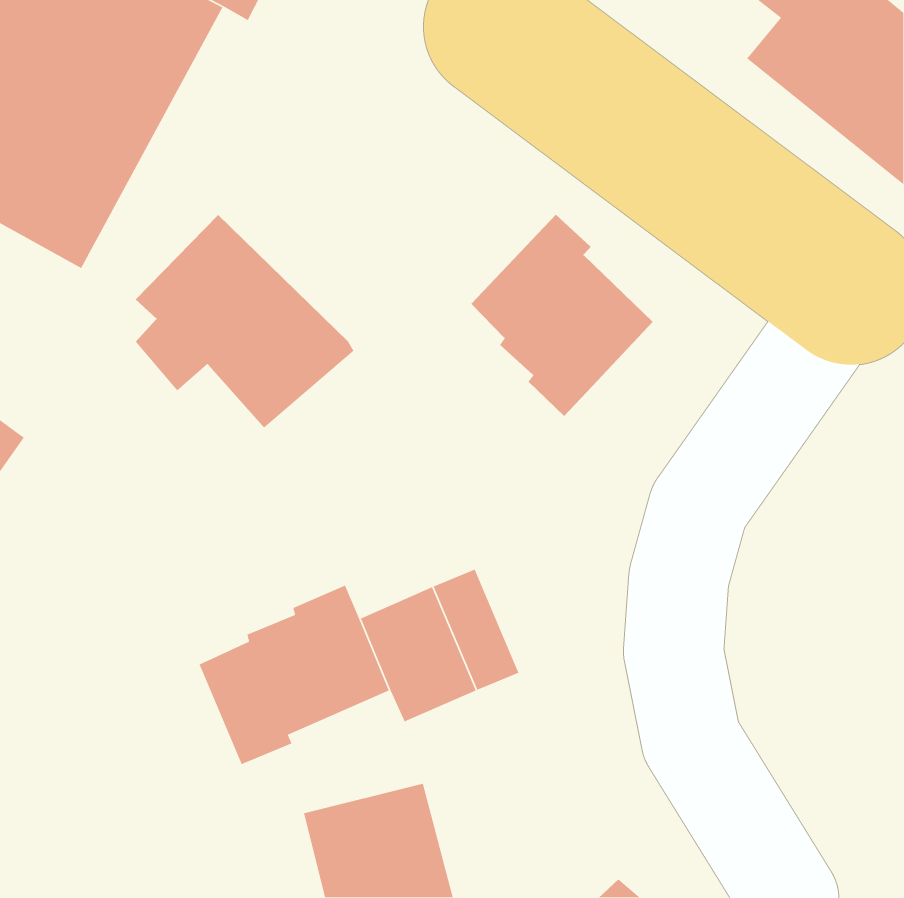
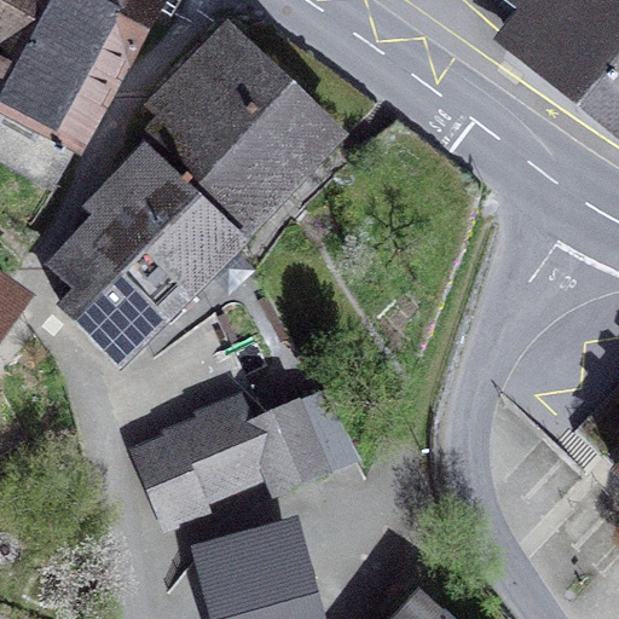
building: none -> [145,29,329,233]
building: [471,214,653,417] -> none
building: none -> [59,233,180,352]

